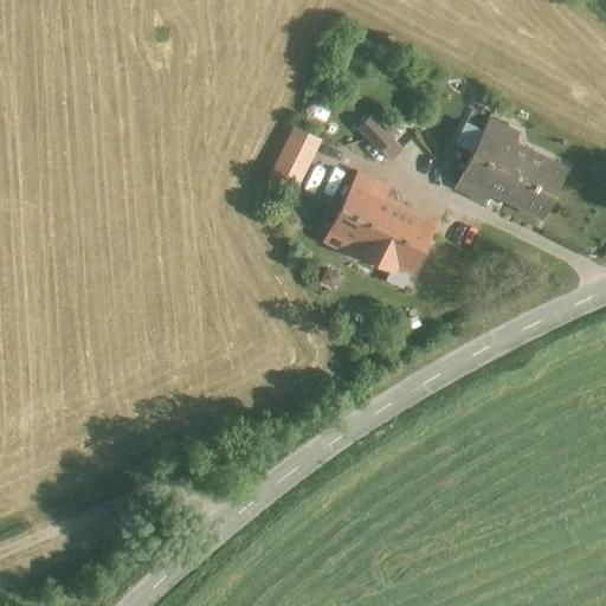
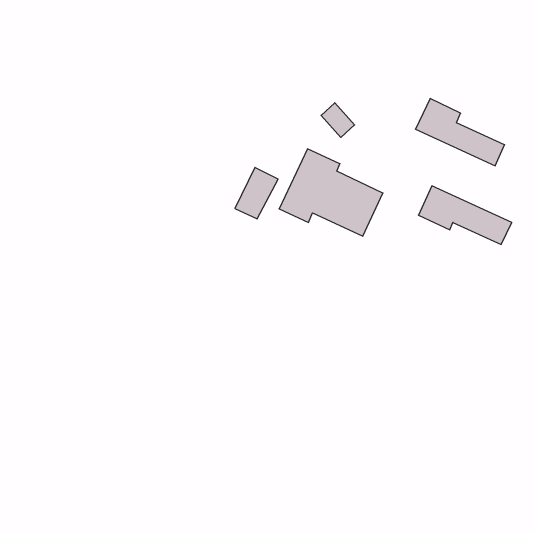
building: [273,130,322,188] -> [235,167,278,219]
building: [453,149,559,215] -> [418,186,512,244]

